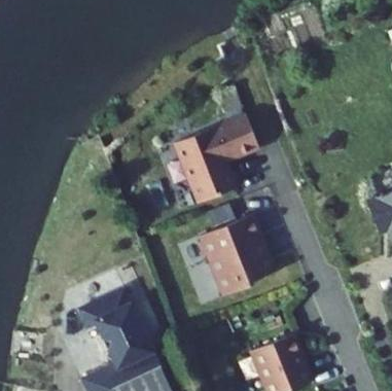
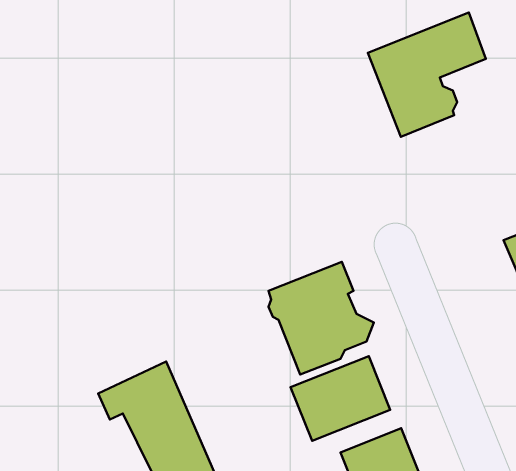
building: [173,116,257,205] -> [368,13,486,137]
building: none -> [291,356,390,441]

